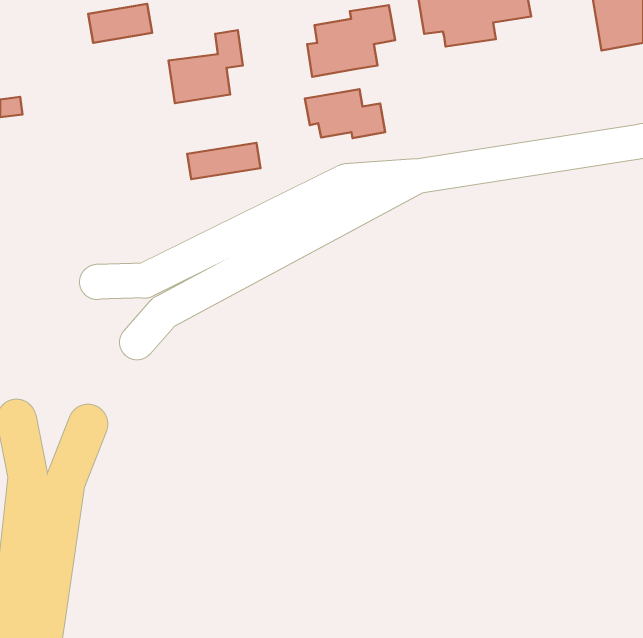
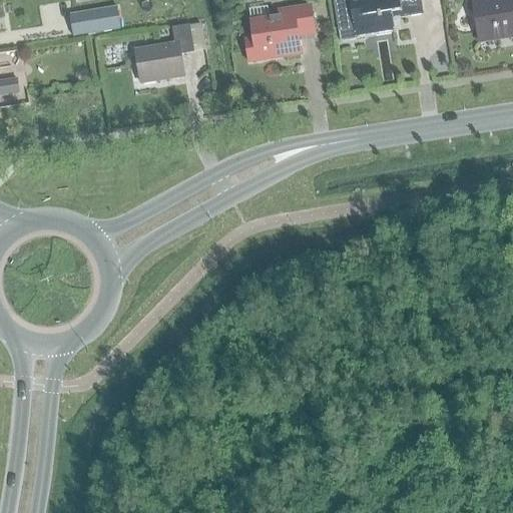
building: [305,89,385,138] -> none
building: [187,143,261,179] -> none

